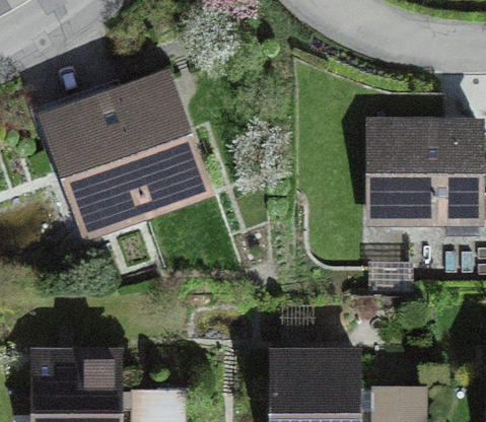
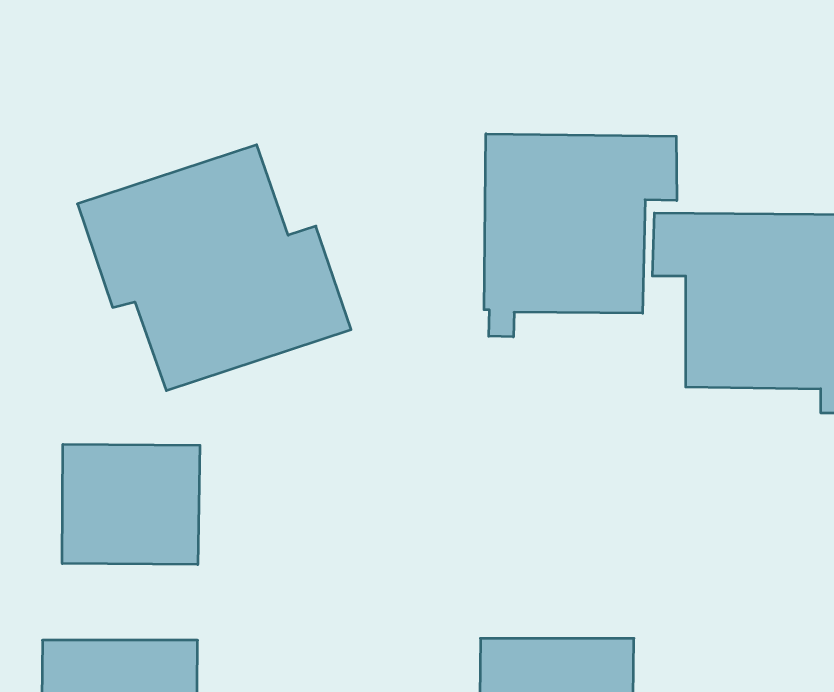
building: none -> [484,134,677,337]
building: none -> [62,444,200,565]

